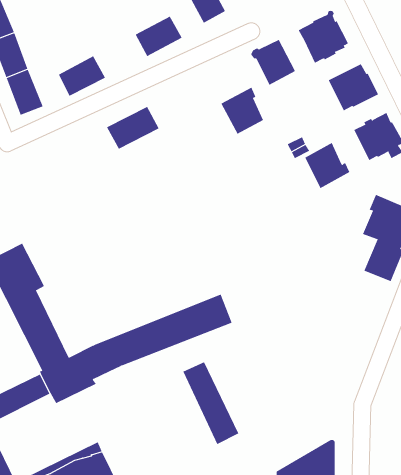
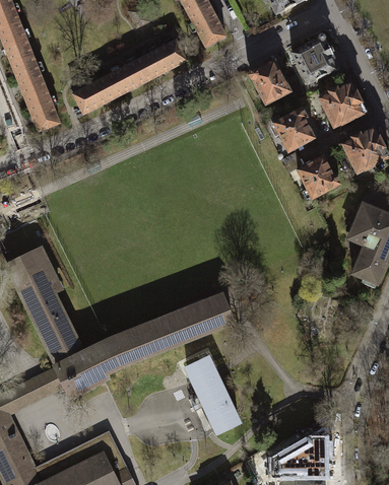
building: [221,87,264,135] -> [273,108,313,151]
building: [106,106,160,149] -> [105,57,153,96]

